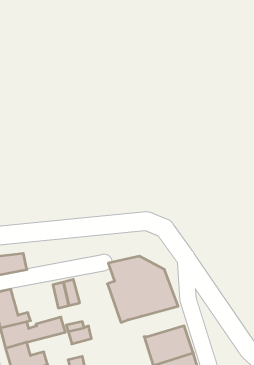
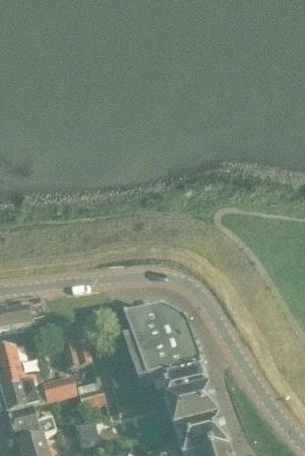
building: none -> [161,364,209,398]

